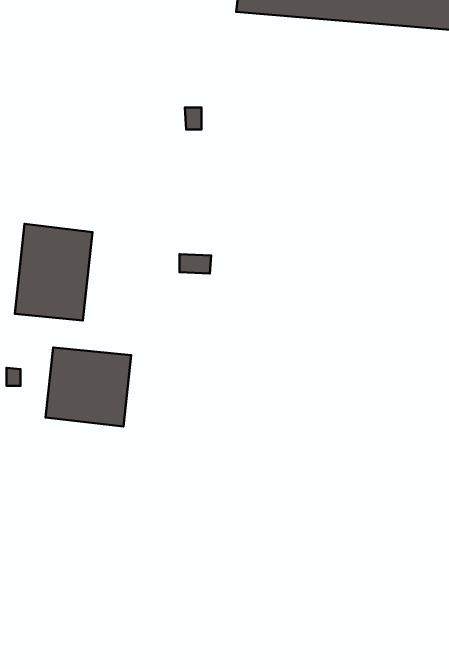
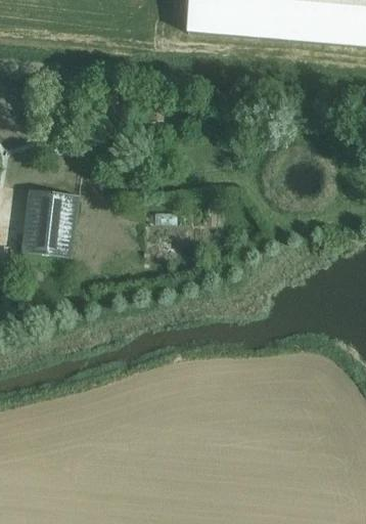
building: [46,348,131,426] -> none

